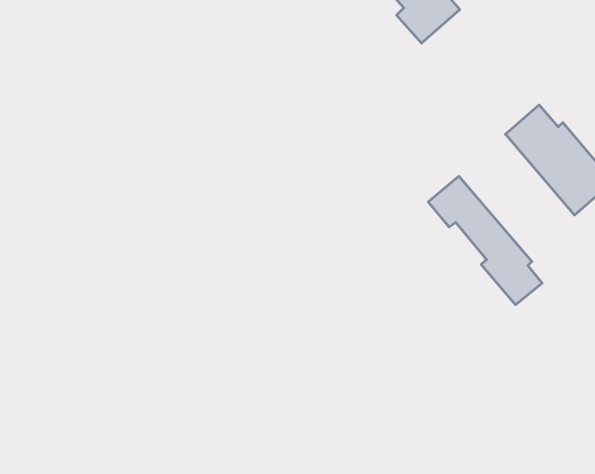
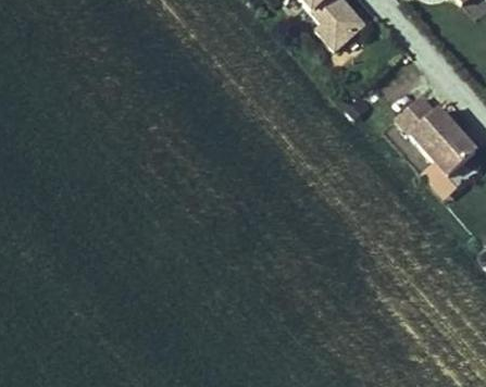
building: [428,176,542,305] -> none

